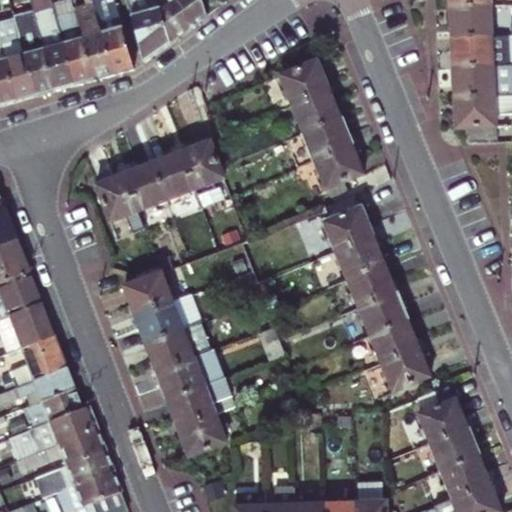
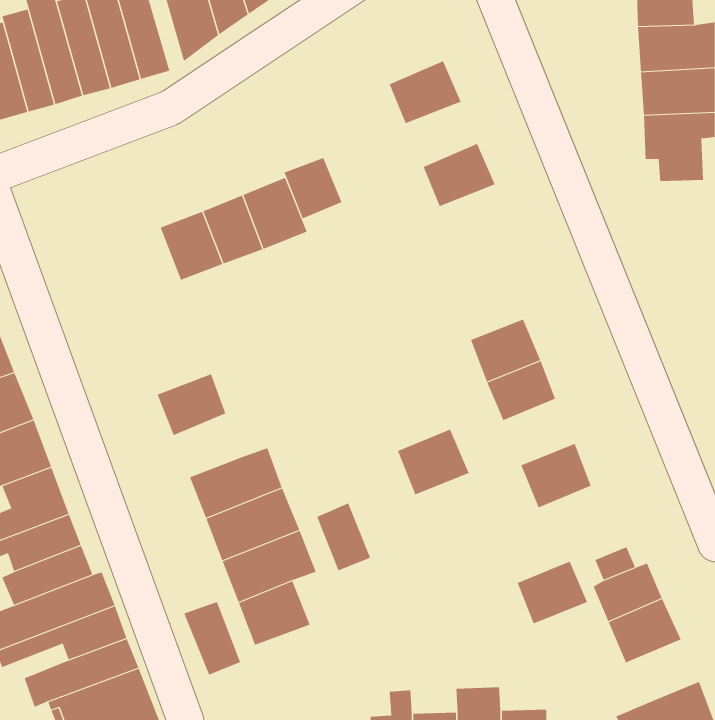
building: [291,88,340,132] -> none
building: none -> [284,157,342,219]
building: [314,144,364,188] -> none
building: [95,173,139,221] -> none
building: [324,207,371,249] -> none
building: [357,289,406,334] -> [397,429,470,495]
building: [134,299,181,342] -> none
building: [381,348,429,391] -> [517,561,588,624]
building: none -> [317,502,371,571]
building: none -> [183,601,241,675]
building: [440,452,490,496] -> none

